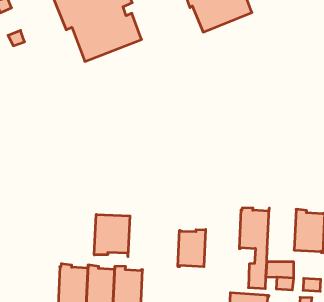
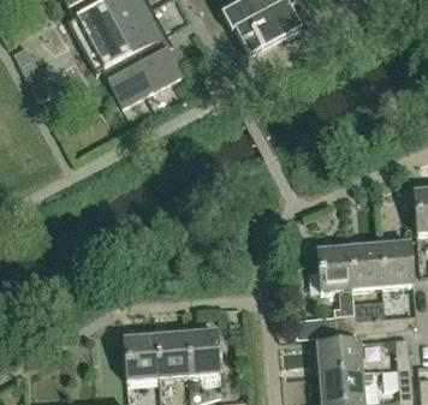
building: none -> [349,240,382,288]
building: [94,214,130,257] -> none
building: [178,229,206,267] -> none

